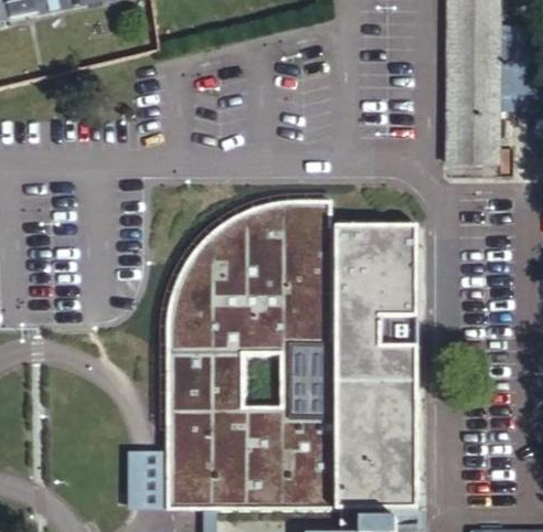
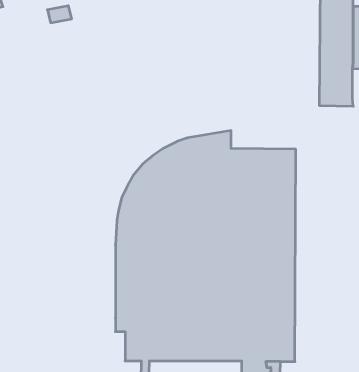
building: [129,451,182,510] -> none

